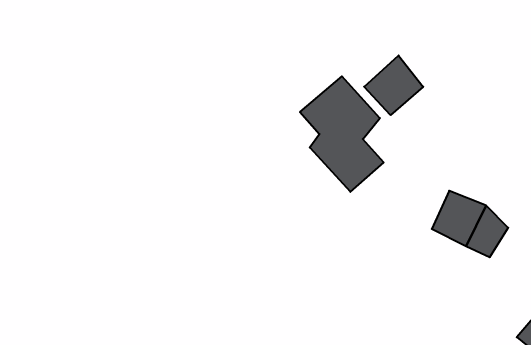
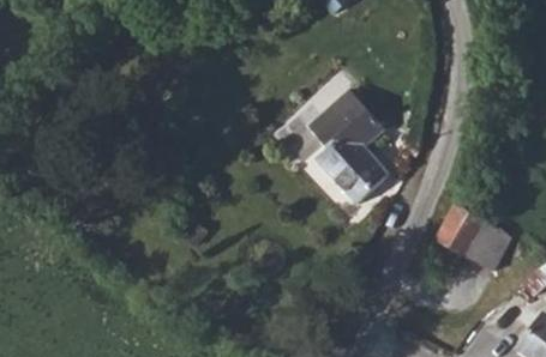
building: [364,55,423,115] -> none

